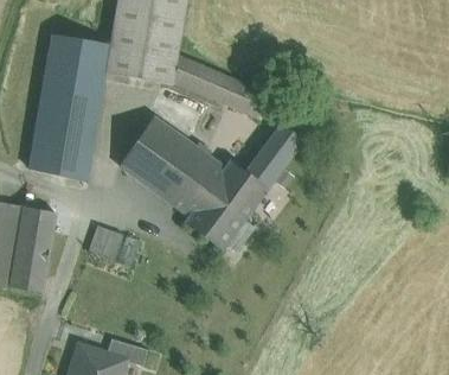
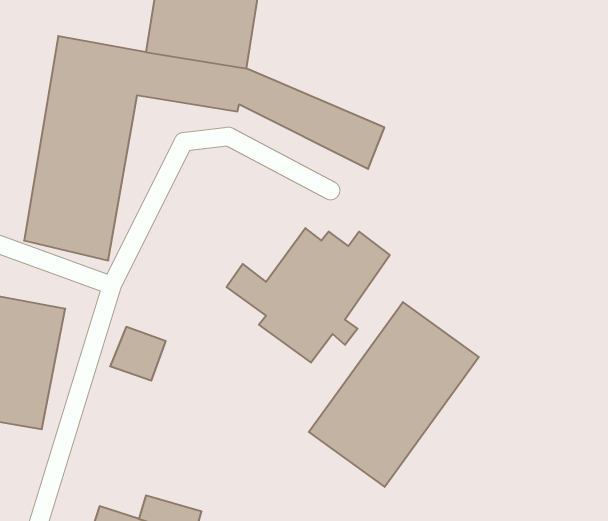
building: [121,116,217,199] -> none
building: [252,122,303,178] -> none
building: none -> [309,302,479,487]

